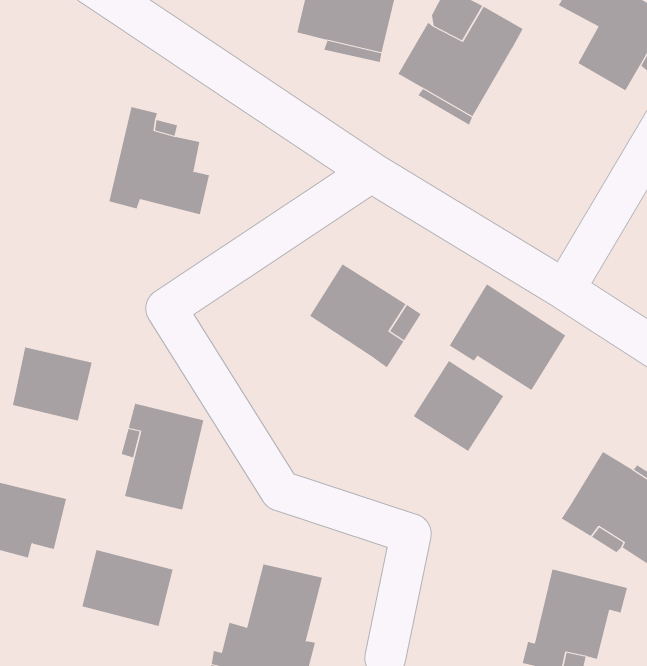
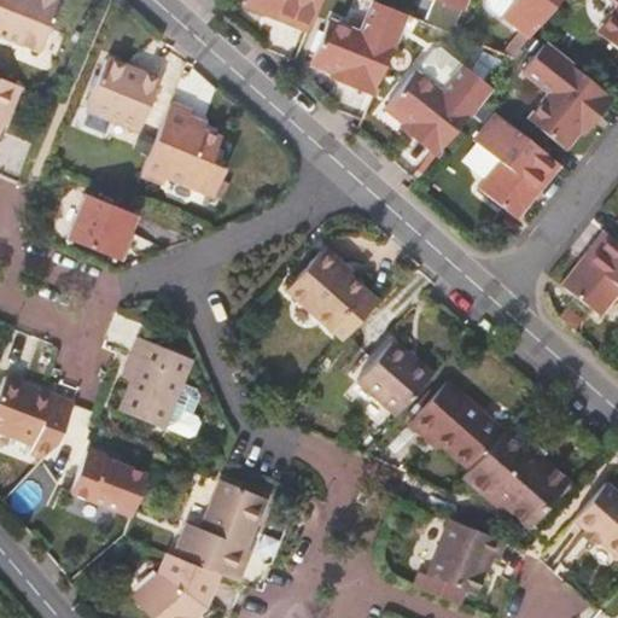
building: none -> [473,112,560,218]
building: none -> [86,57,161,132]
building: [449,283,566,391] -> [409,380,503,471]
building: [12,347,93,421] -> [71,192,140,257]

